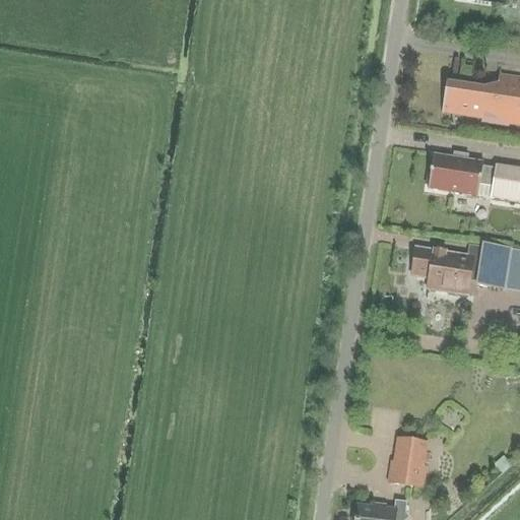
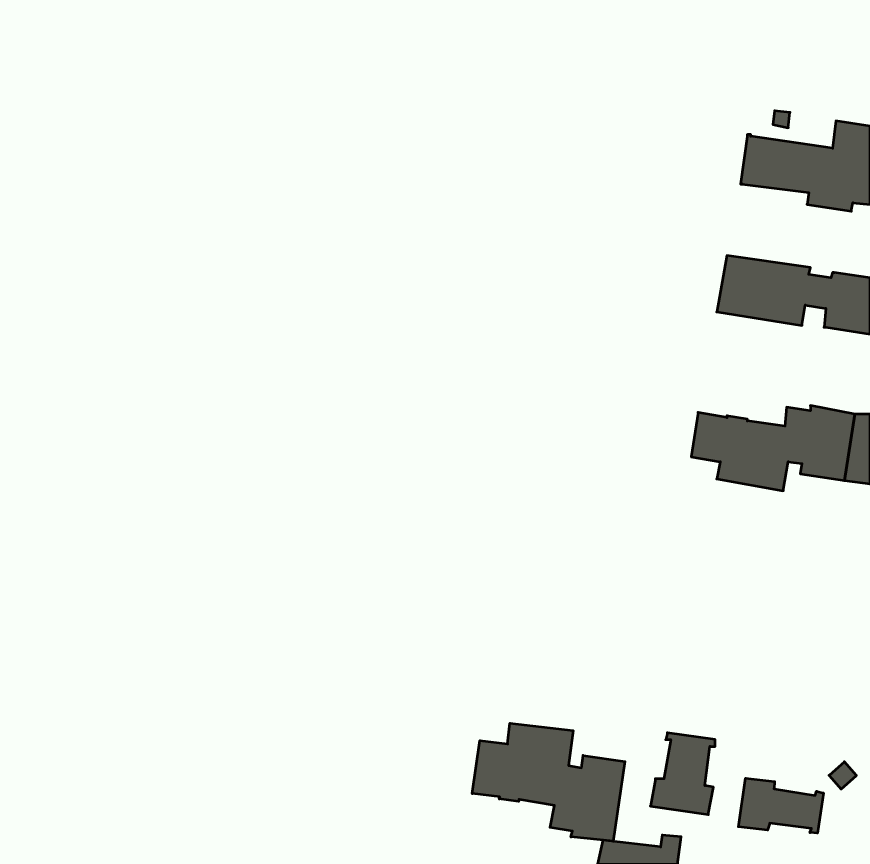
building: none -> [472,723,625,841]
building: none -> [738,778,823,833]

